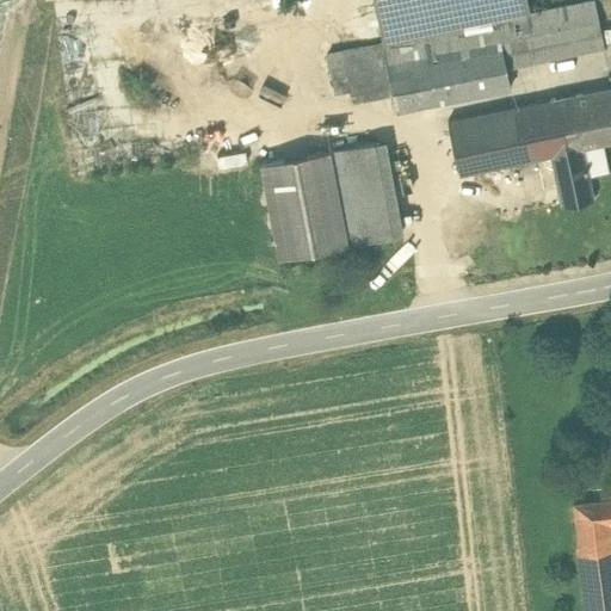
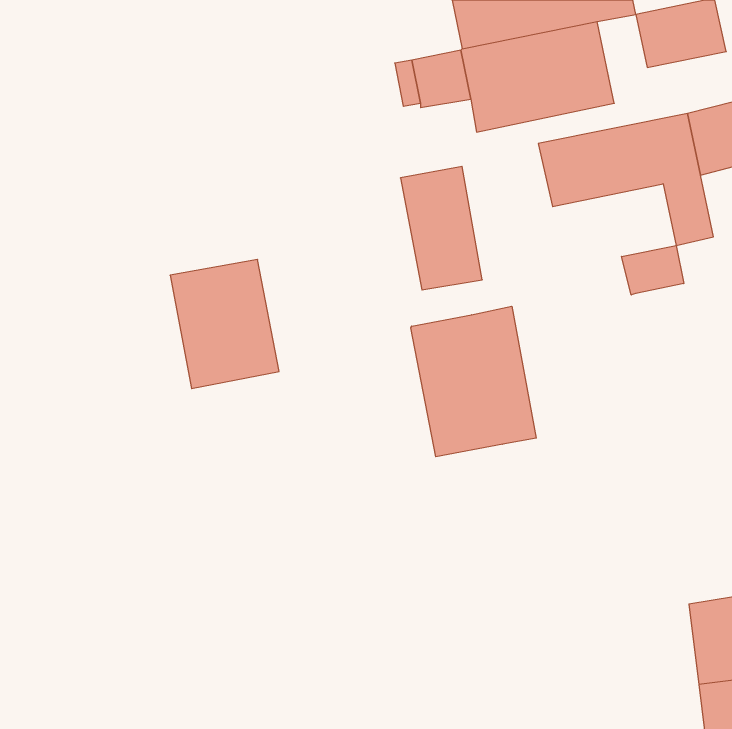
building: [498,16,539,67] -> none
building: [261,152,352,259] -> [170,259,279,389]
building: none -> [622,245,684,295]
building: none -> [411,306,536,457]

